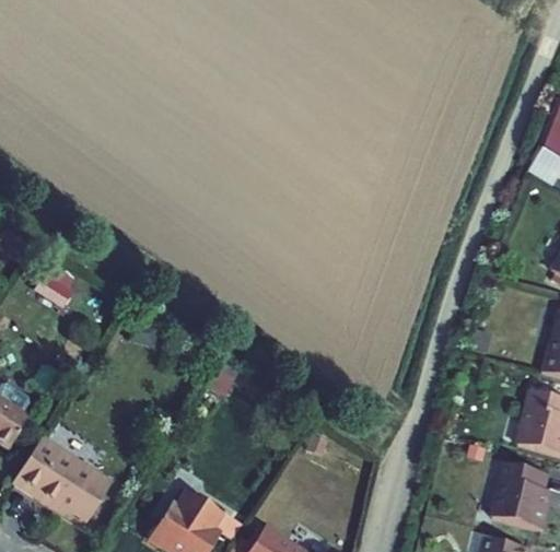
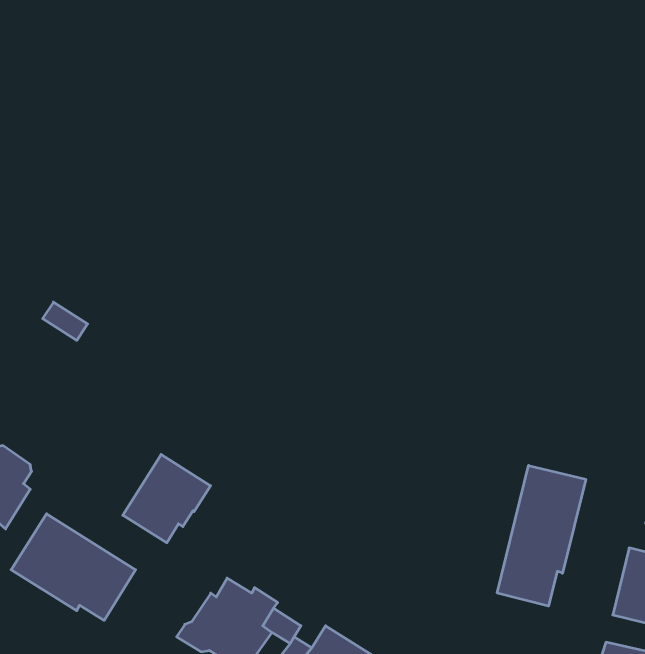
building: none -> [123,454,211,543]
building: none -> [497,465,586,606]

